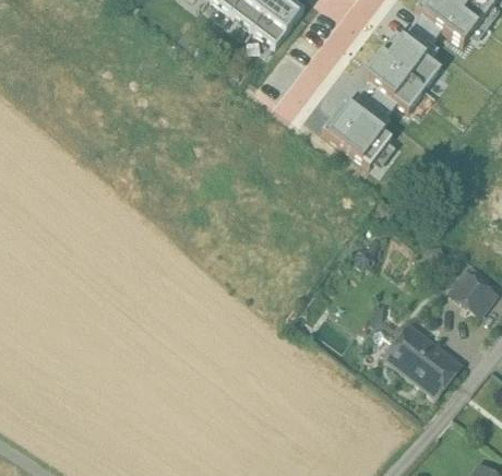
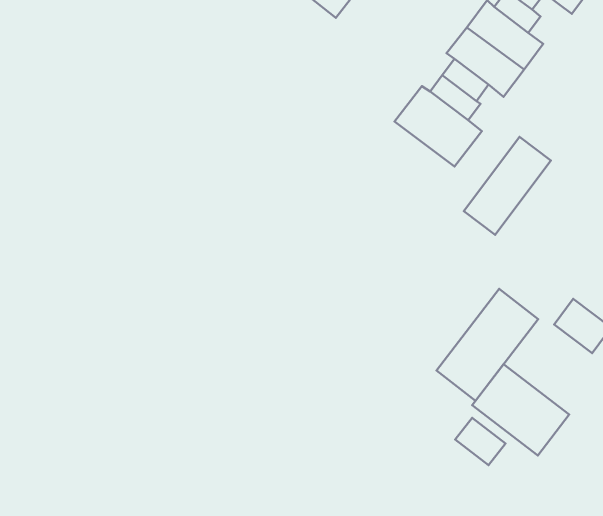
building: none -> [464,137,551,235]
building: none -> [436,289,538,401]
building: none -> [455,418,505,465]

